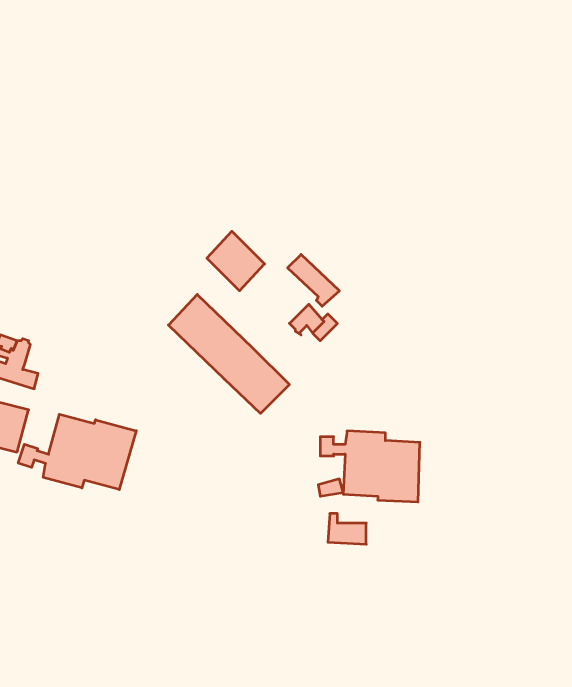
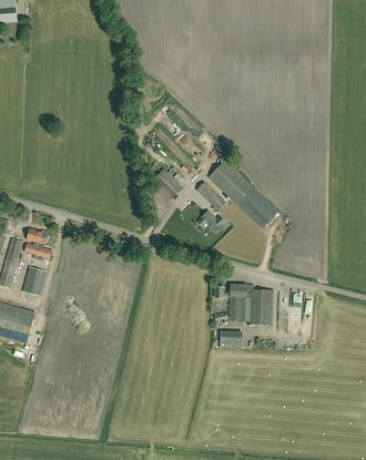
building: [168,294,289,413] -> [209,159,278,227]
building: [18,414,136,490] -> none

